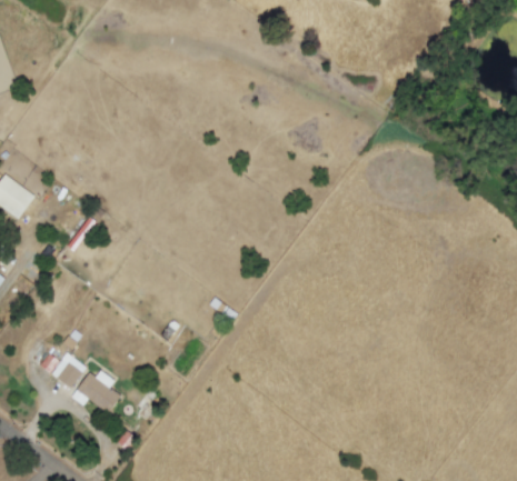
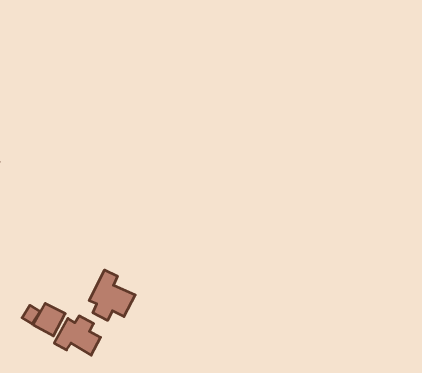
building: none -> [89,270,135,320]

